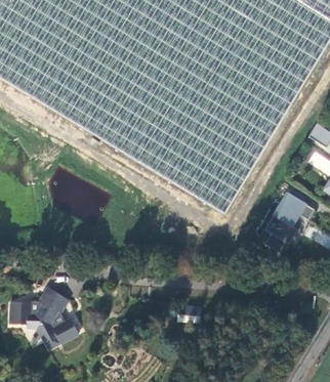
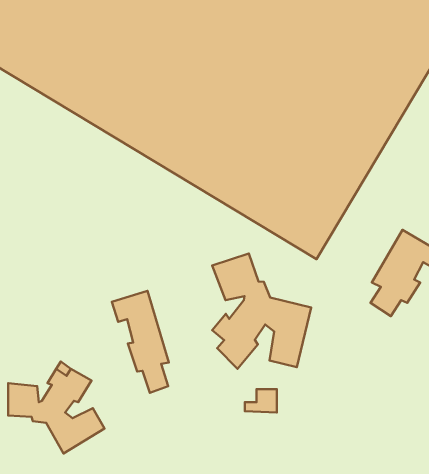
building: none -> [212,253,311,369]
building: none -> [112,291,169,393]

